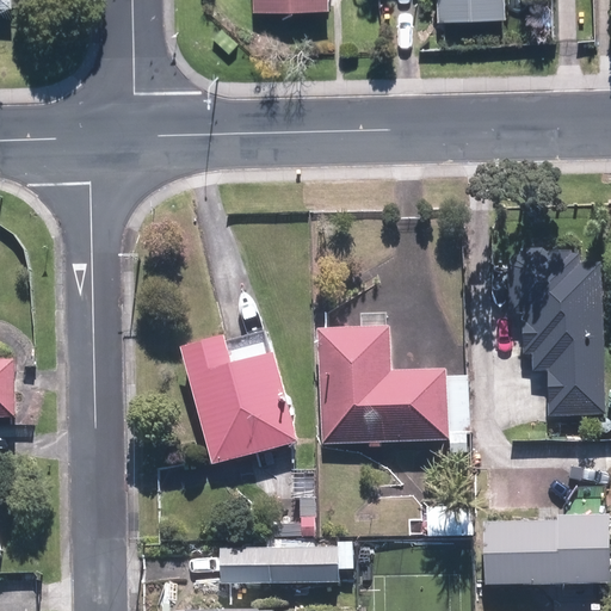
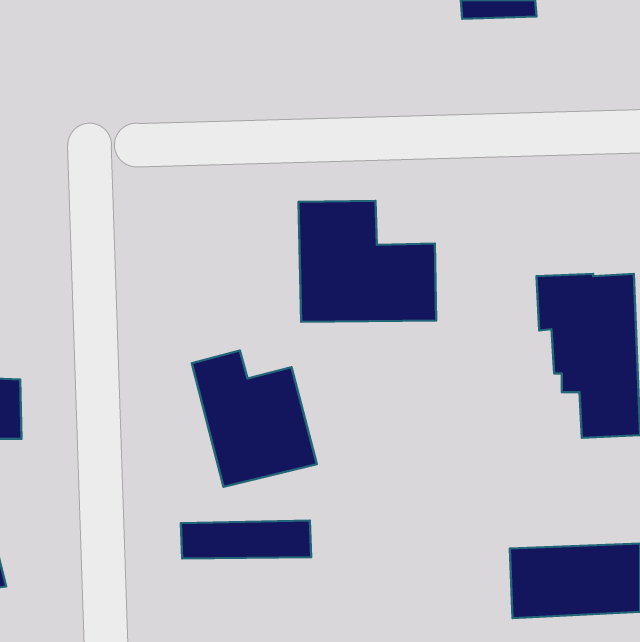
building: [319,326,449,440] -> [299,201,436,322]
building: [218,548,341,584] -> [181,521,311,558]

